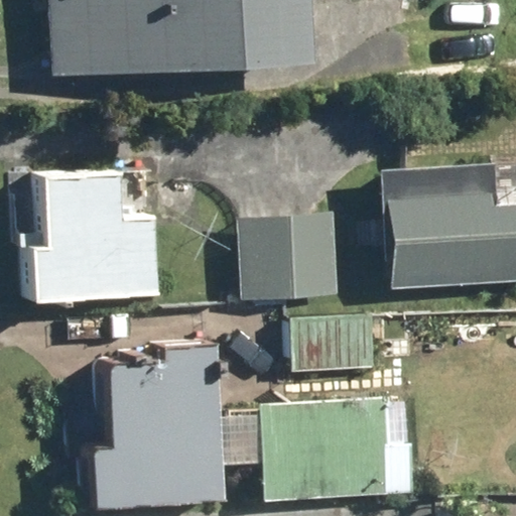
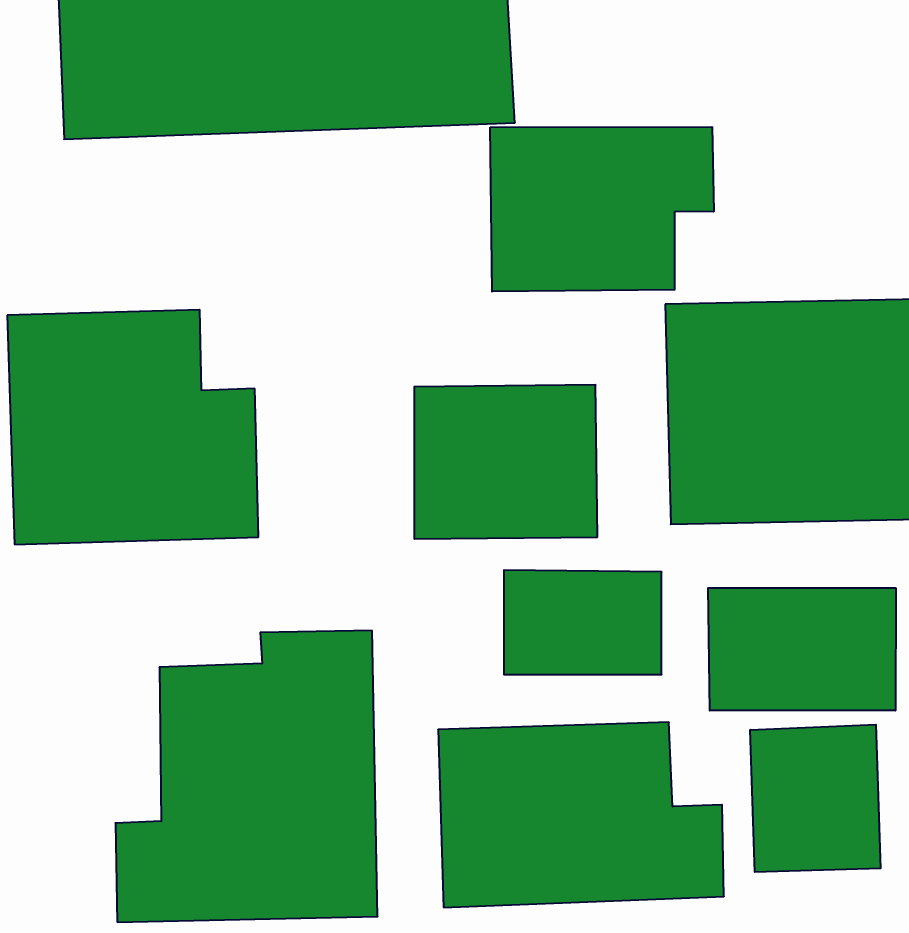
building: none -> [490,127,714,292]
building: none -> [708,588,896,711]
building: none -> [750,725,881,872]

